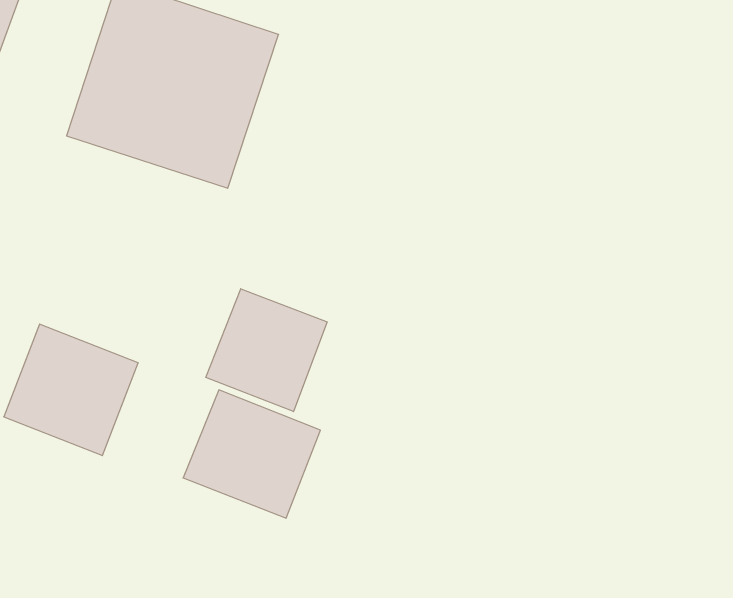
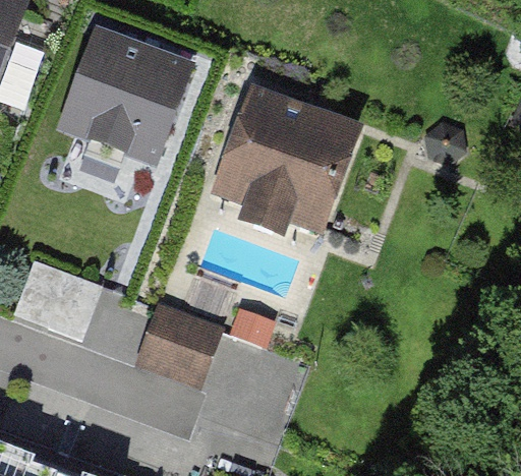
building: none -> [211,85,364,233]
building: [206,289,327,412] -> none

